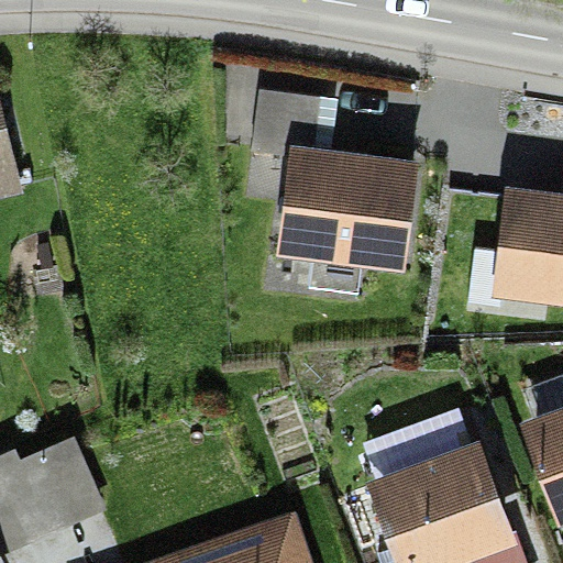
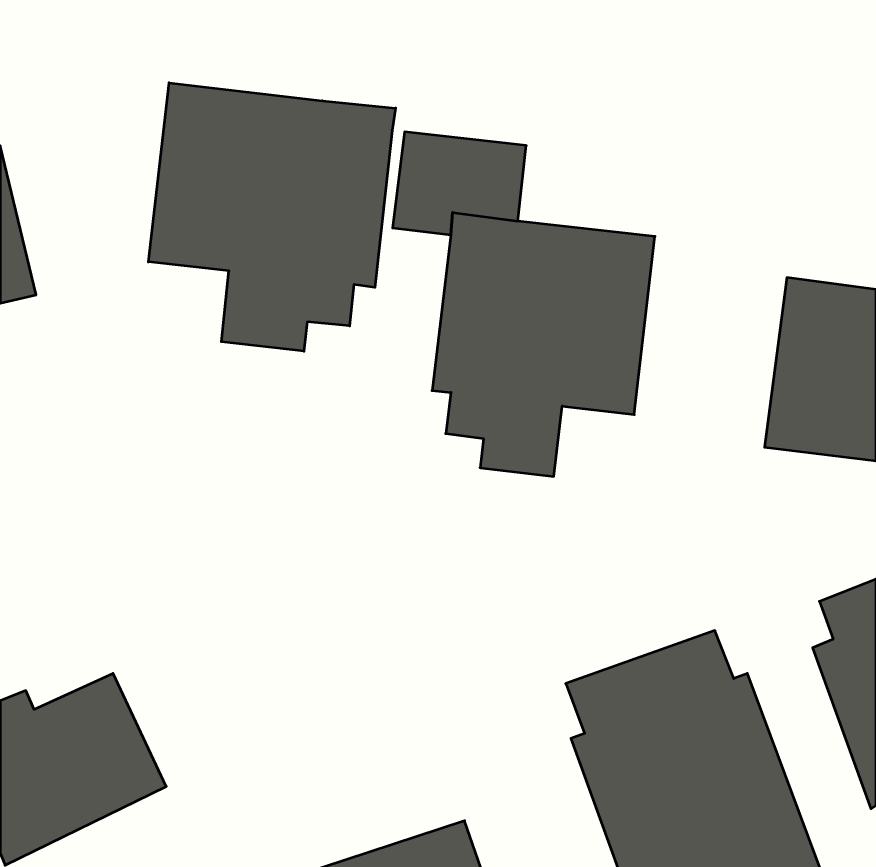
building: none -> [148,83,396,351]

